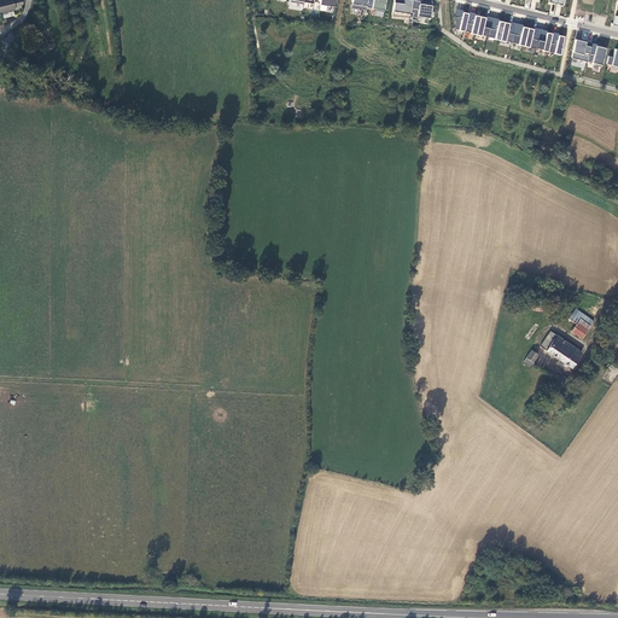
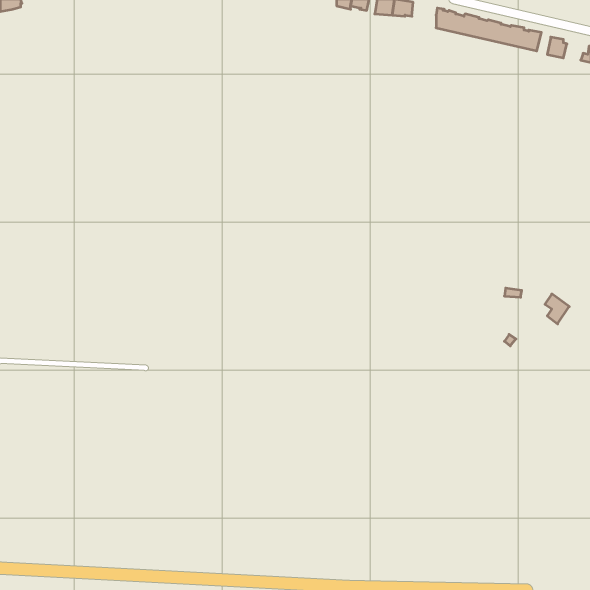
building: [541,330,583,368] -> none

